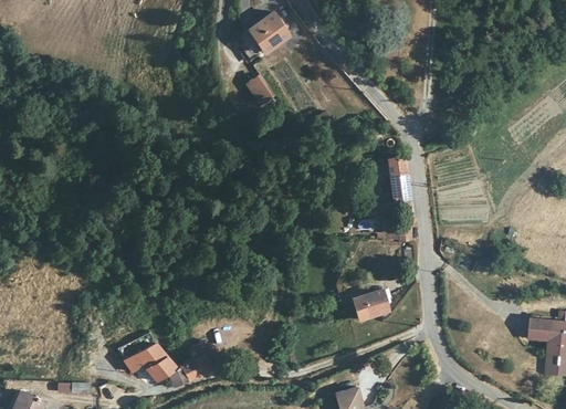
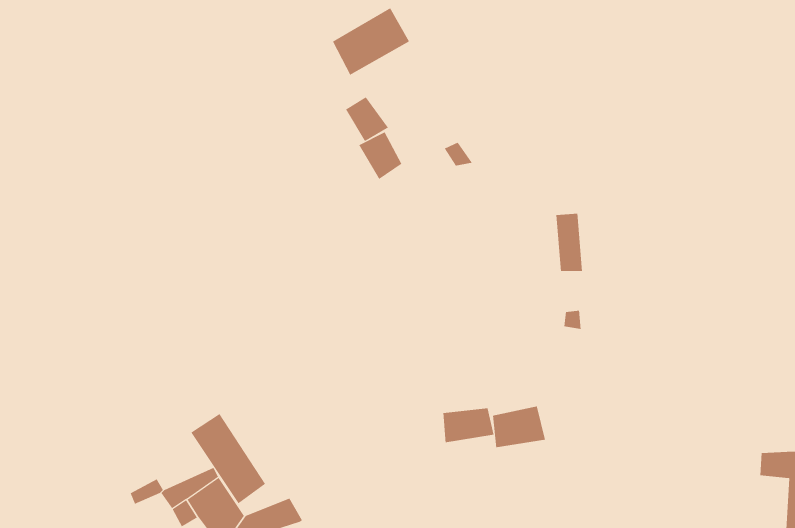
building: none -> [358,132,402,180]
building: none -> [443,407,494,443]
building: none -> [191,413,266,504]

